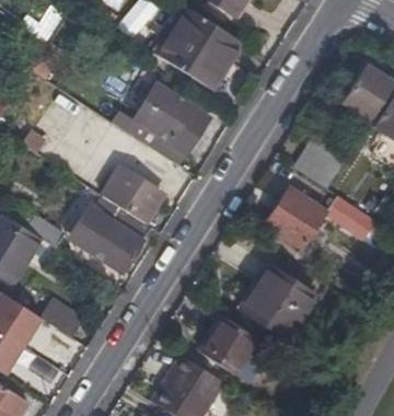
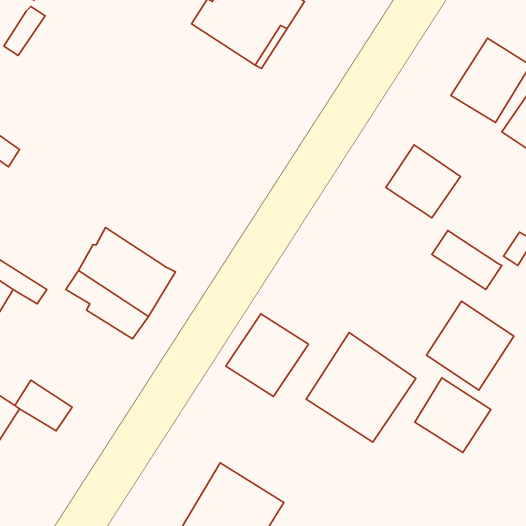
building: [109,80,209,162] -> none
building: [102,164,161,221] -> none
building: [266,188,326,250] -> [426,301,514,390]
building: none -> [415,378,491,453]
building: [201,320,258,377] -> [226,314,309,396]

